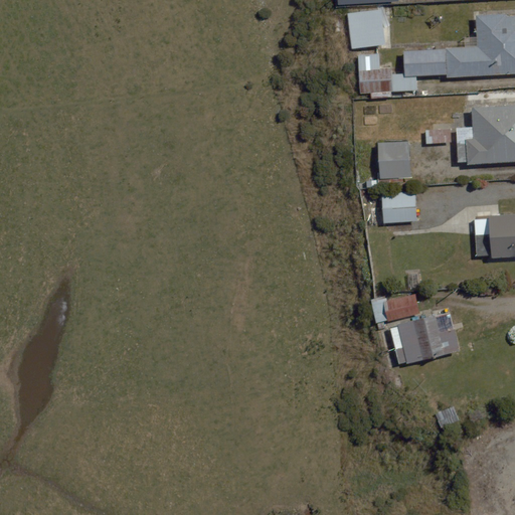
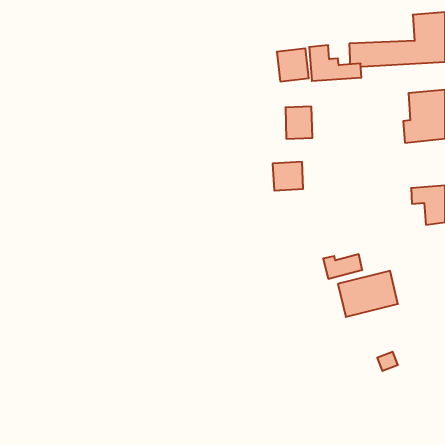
building: [348,10,385,48] -> [277,48,309,81]
building: [379,142,410,179] -> [285,107,312,139]
building: [382,190,417,223] -> [273,162,303,191]

